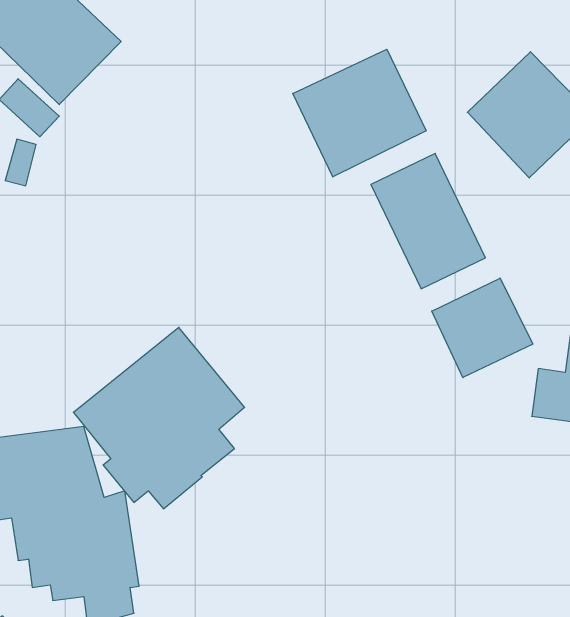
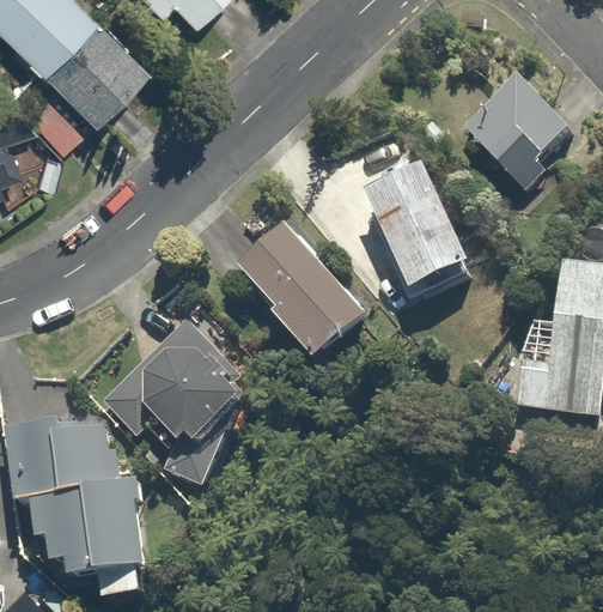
building: [293,49,426,177] -> none
building: none -> [238,218,376,369]
building: [432,278,533,378] -> none

